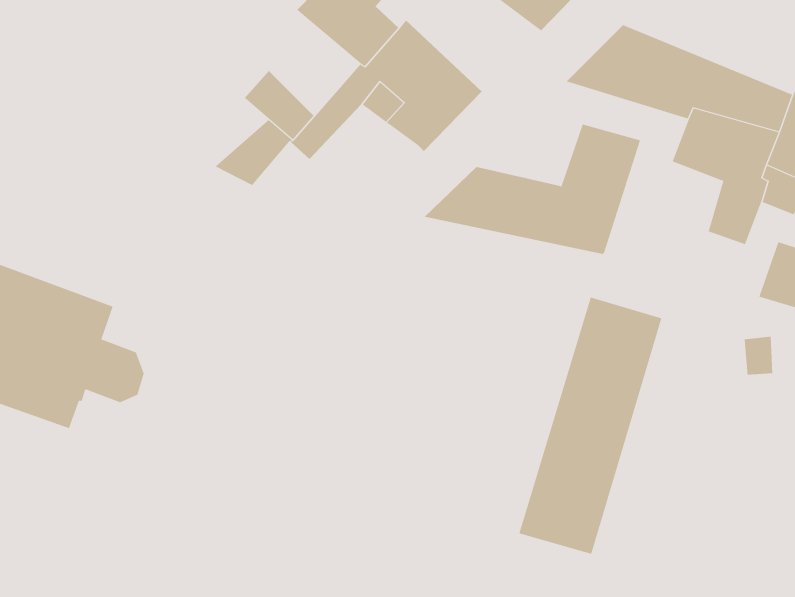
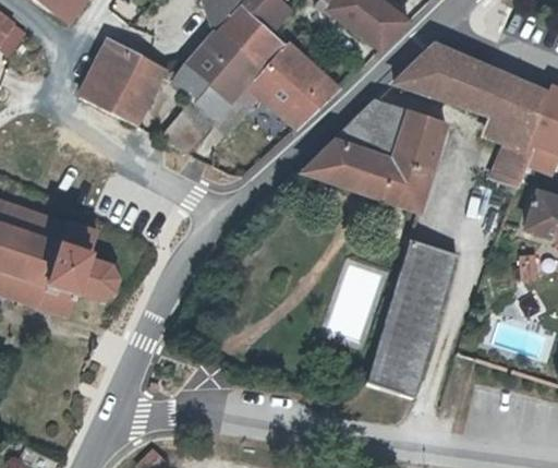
building: none -> [187,35,258,106]
building: none -> [80,40,162,124]
building: none -> [336,104,407,153]

